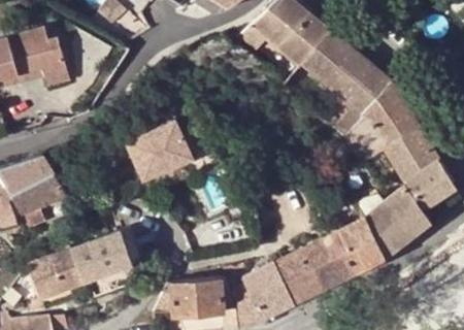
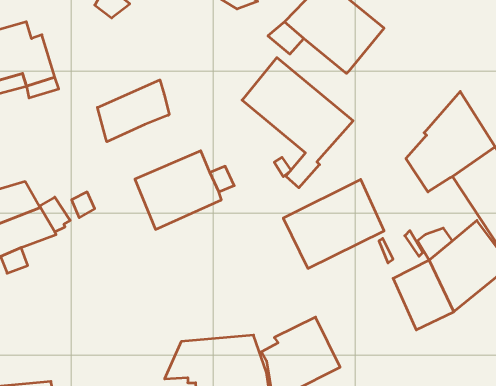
building: [301,31,390,135] -> [242,58,353,188]
building: none -> [97,80,169,142]
building: [27,228,132,296] -> none
building: [274,231,355,302] -> [283,179,384,268]

